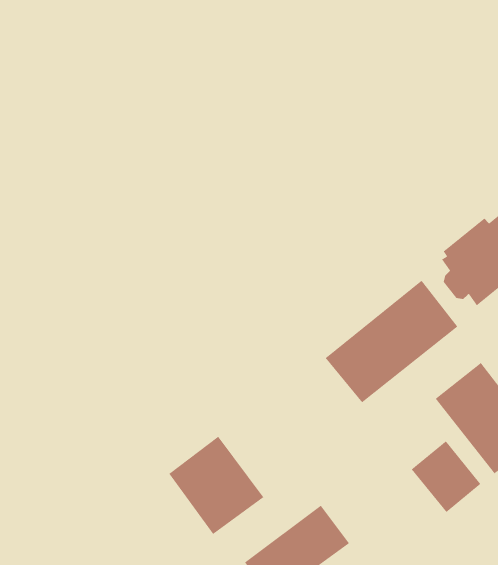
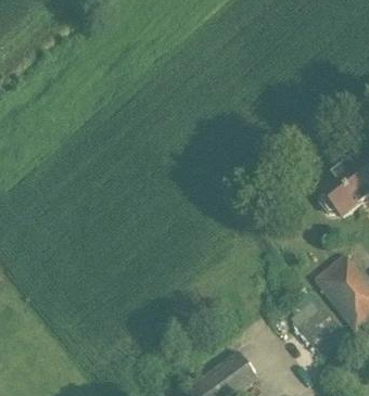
building: [325,280,458,403] -> none
building: [169,436,264,535] -> none

